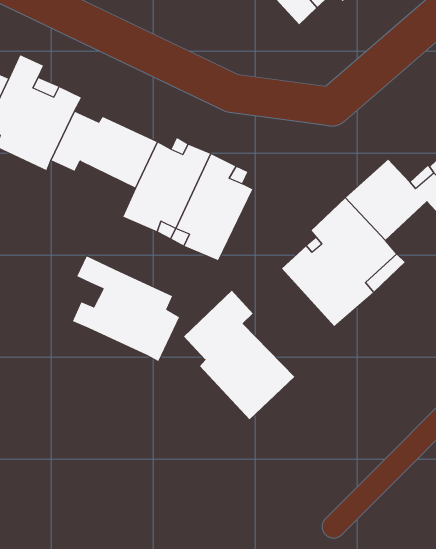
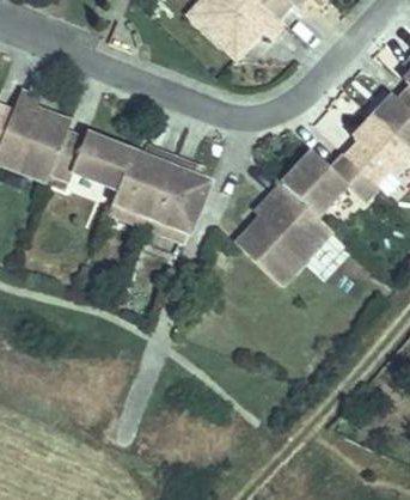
building: [72,255,180,362] -> none
building: [183,290,295,420] -> none

